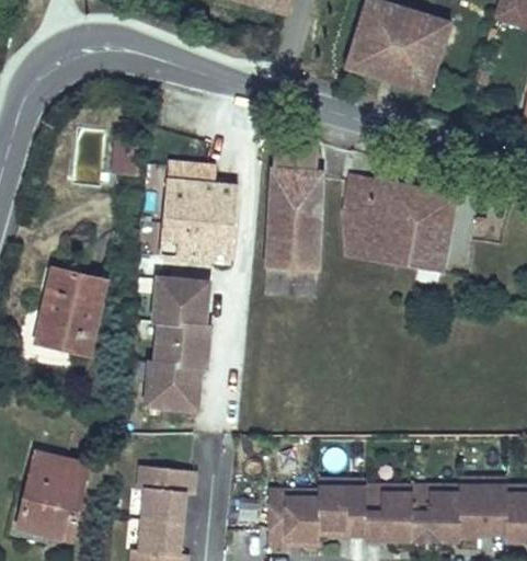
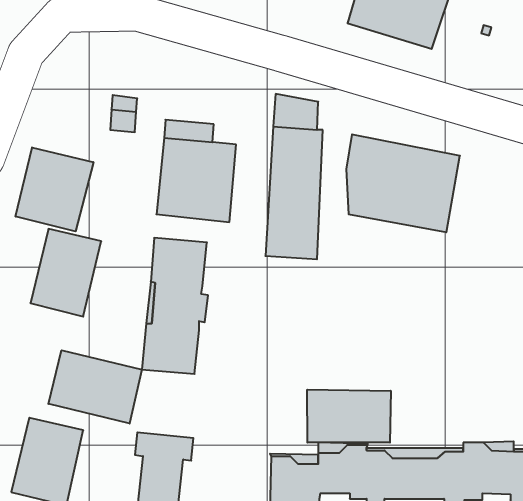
building: none -> [16,147,93,231]
building: none -> [48,350,142,424]
building: none -> [307,390,391,443]

